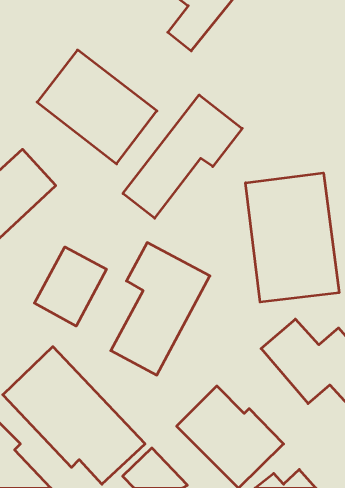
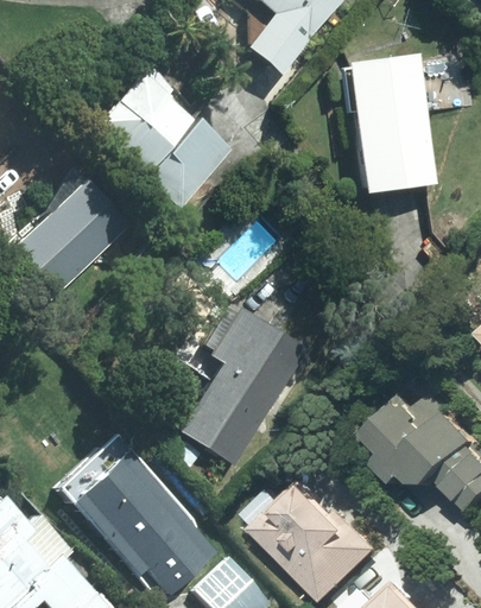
building: none -> [342,53,438,194]
building: [123,95,242,218] -> none
building: [246,173,339,302] -> none
building: [34,247,106,326] -> none

